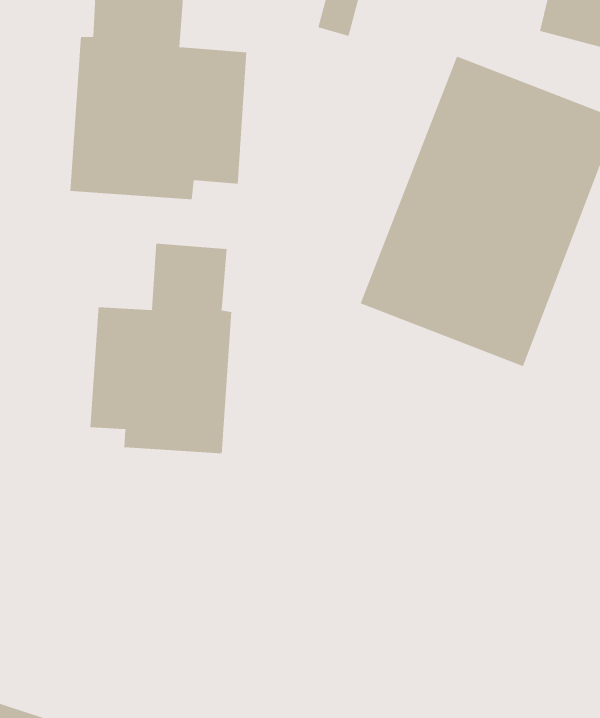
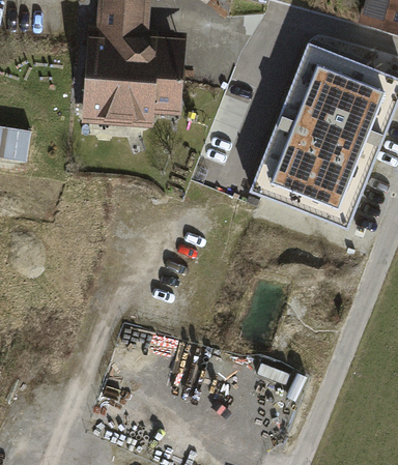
building: [90,243,232,454] -> none

